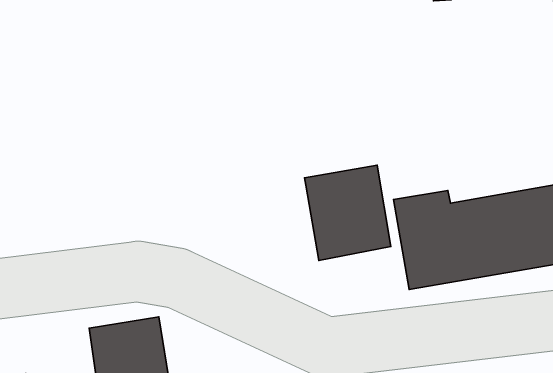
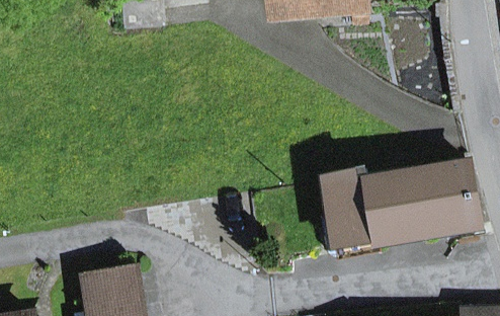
building: [305,165,391,260] -> none

